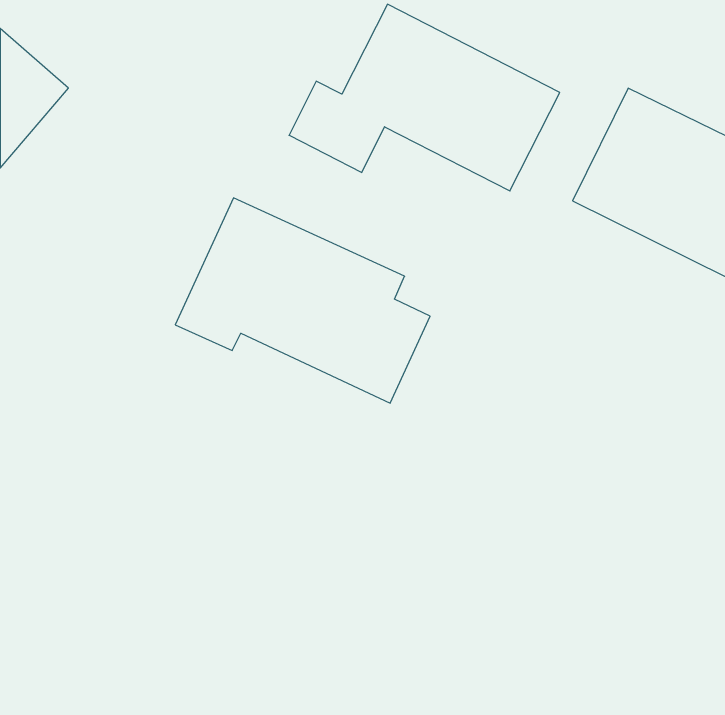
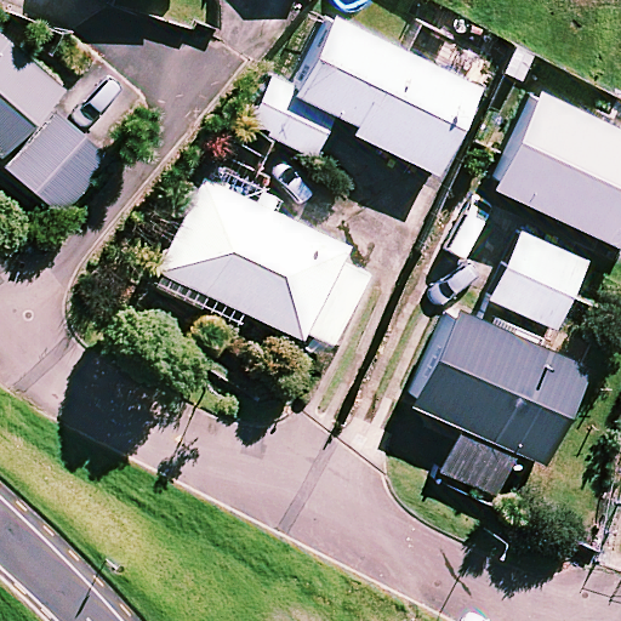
building: none -> [10,115,112,217]
building: none -> [488,233,588,332]
building: none -> [411,303,589,498]

